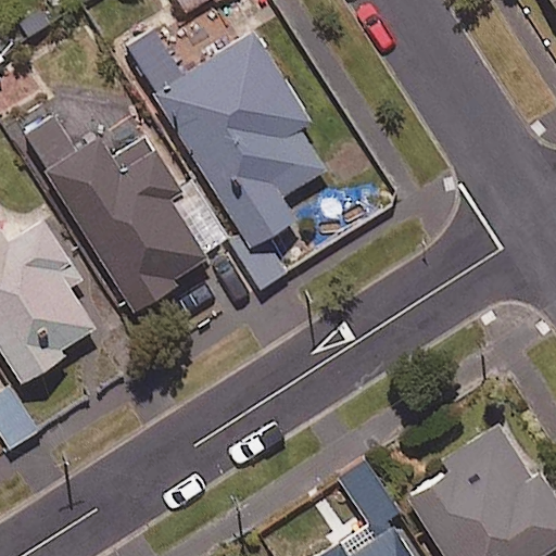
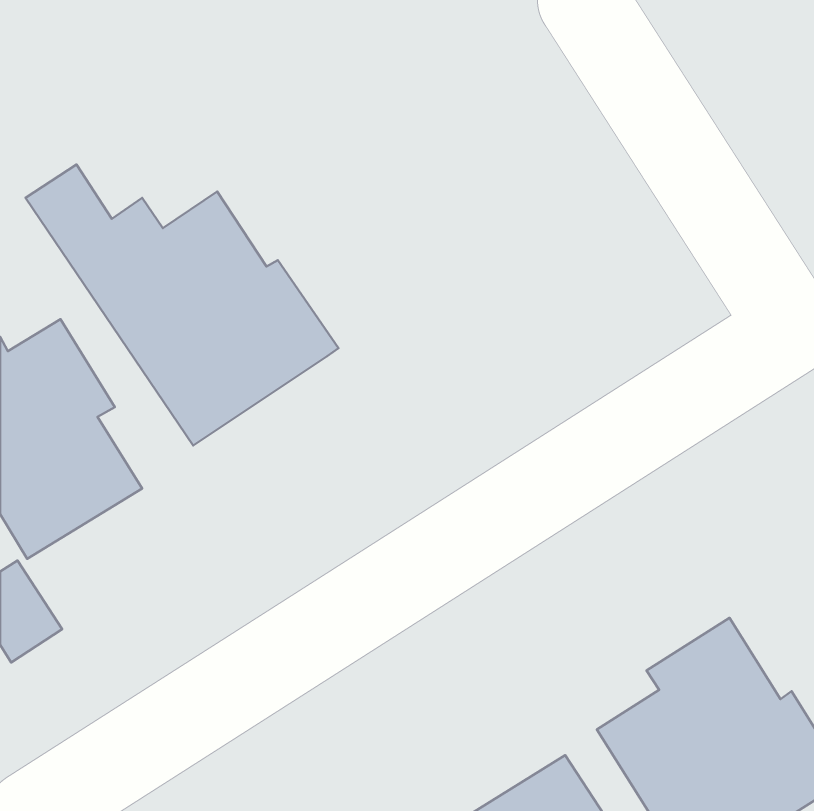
building: [121,29,325,248] -> none

